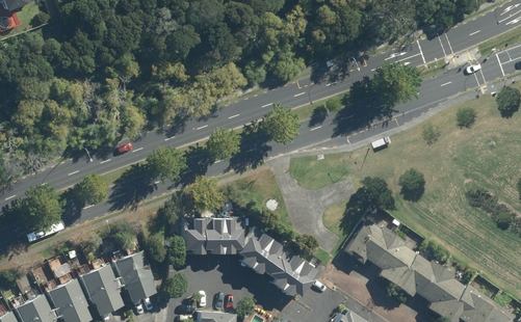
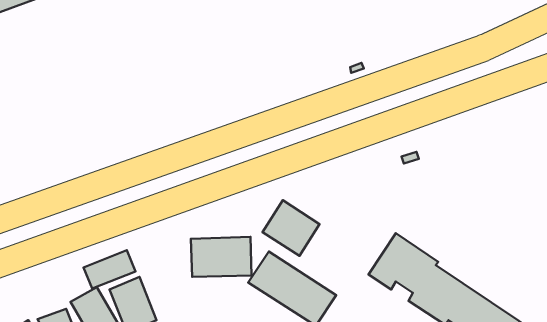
building: none -> [263,200,320,256]
building: none -> [83,250,136,289]

